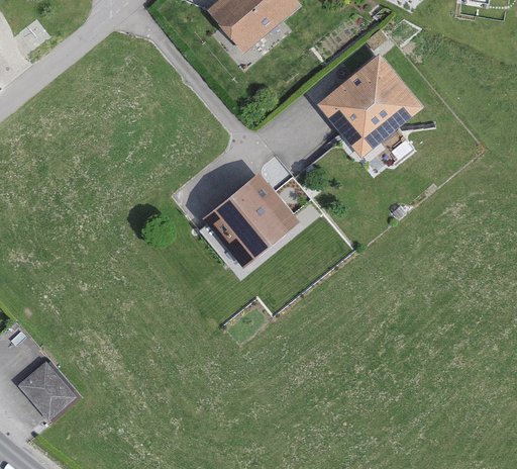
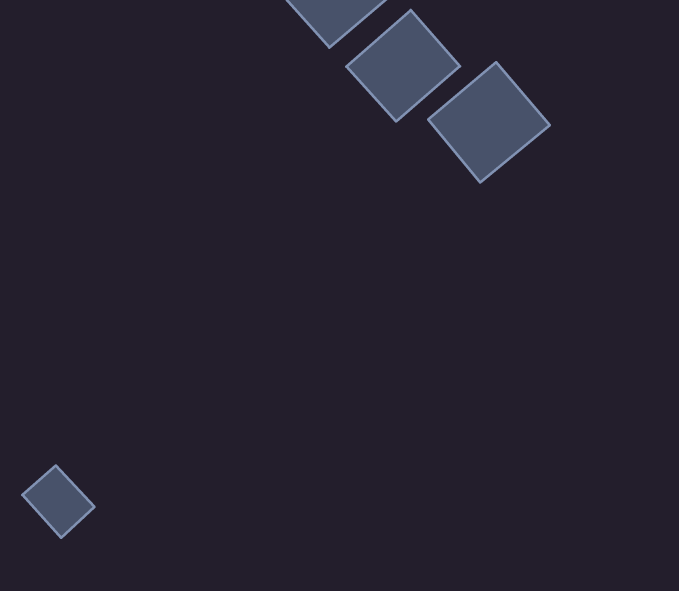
building: none -> [346,10,460,121]
building: [197,173,293,267] -> none

